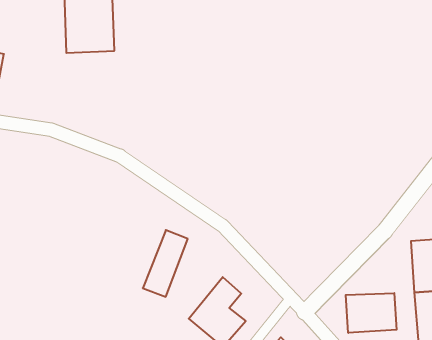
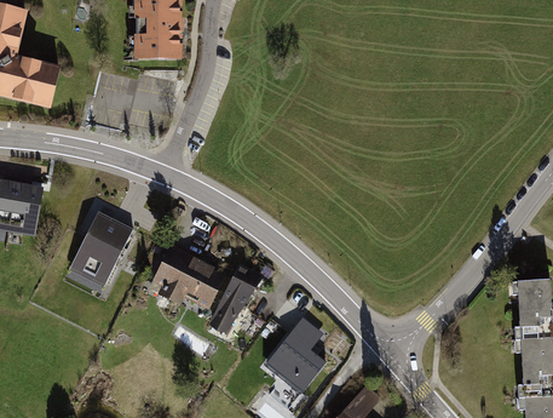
building: none -> [70,208,134,285]
building: none -> [150,242,226,308]
building: [346,293,397,333] -> none

